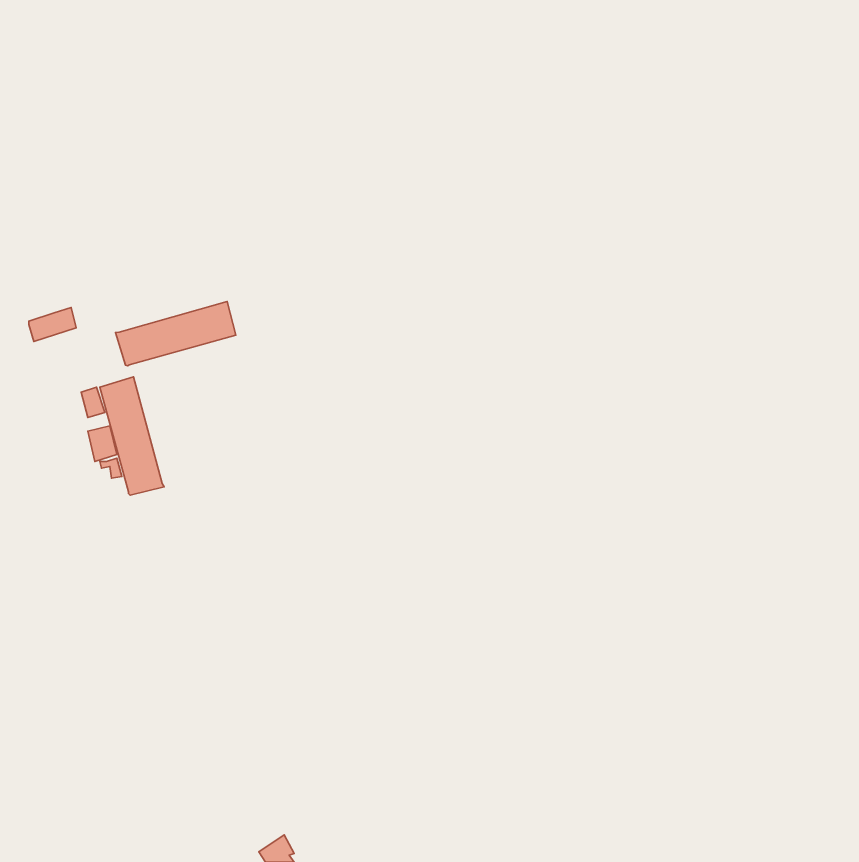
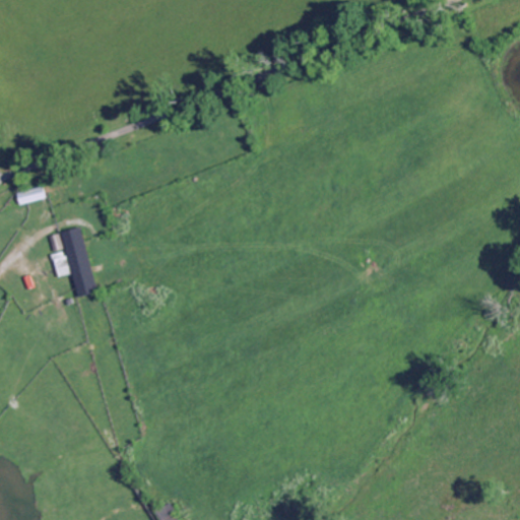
building: [115,302,236,366] -> none

